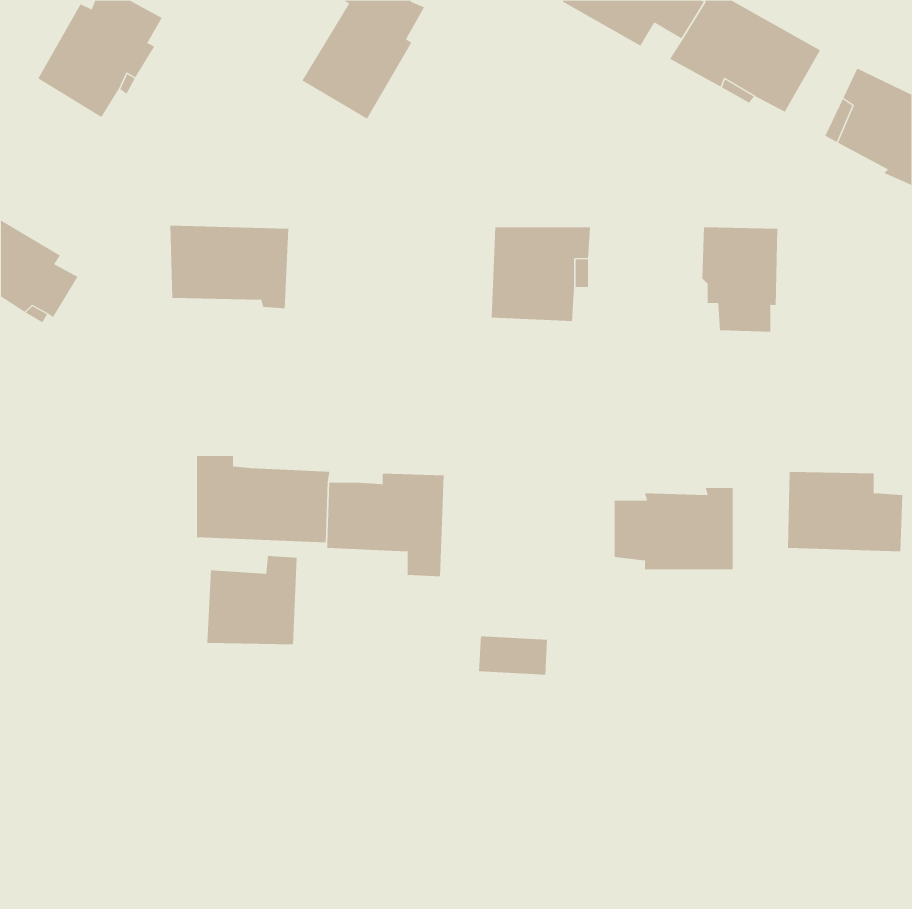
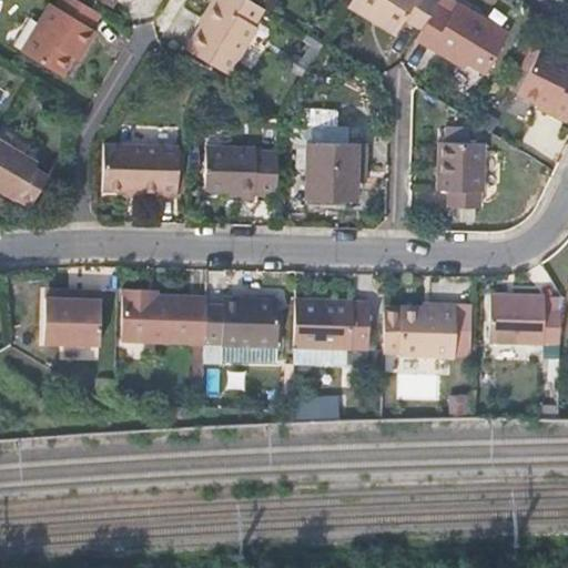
building: none -> [205,144,277,196]
building: none -> [293,298,367,347]
building: [207,556,298,645] -> [43,286,100,342]

